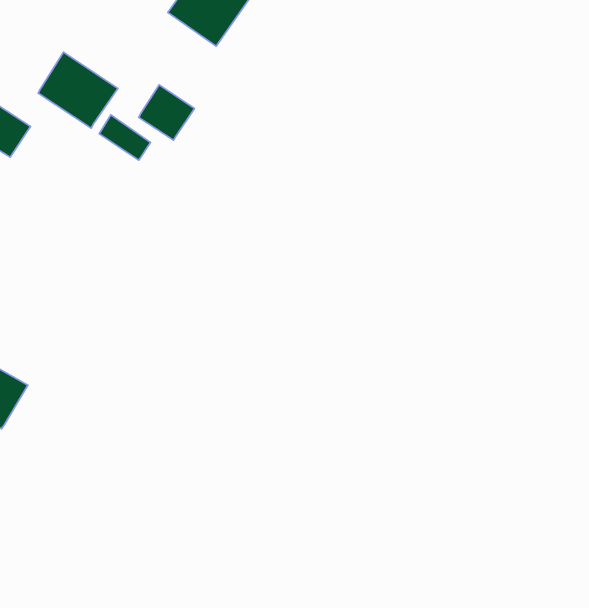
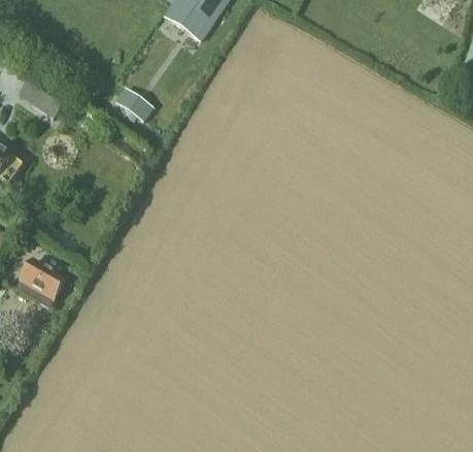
building: [38,52,118,128] -> none
building: [139,85,195,140] -> none

